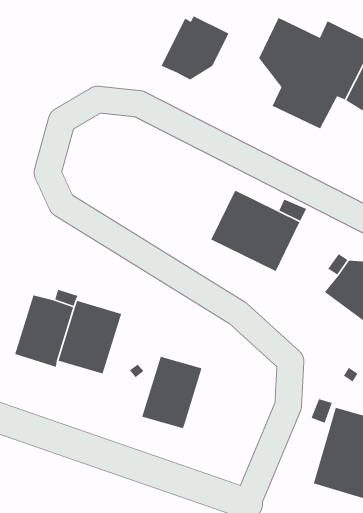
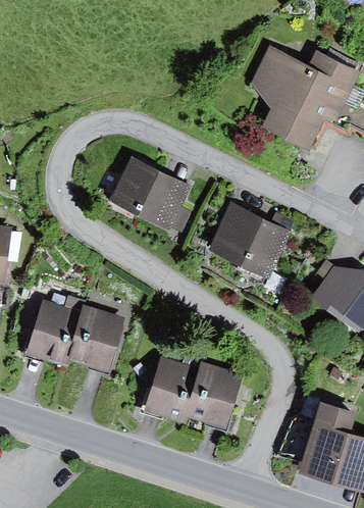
building: [161,15,230,80] -> none
building: none -> [109,156,192,232]
building: none -> [184,360,242,428]

